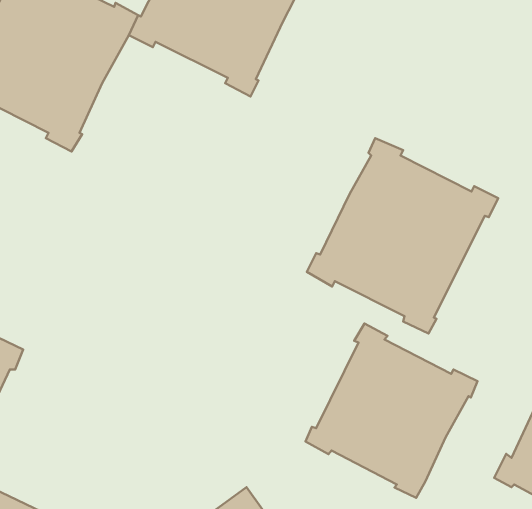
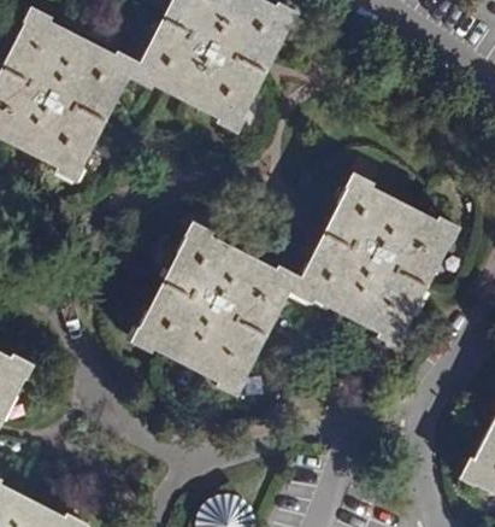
building: none -> [130,221,297,397]
building: [305,323,478,498] -> none

